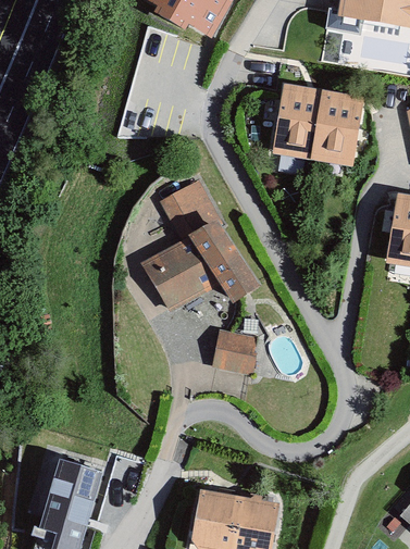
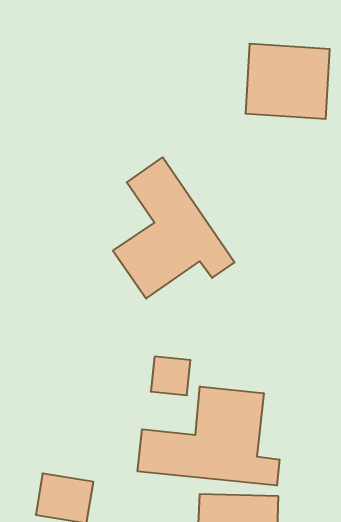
building: [213,334,252,372] -> [151,357,191,395]
building: none -> [138,386,279,486]

